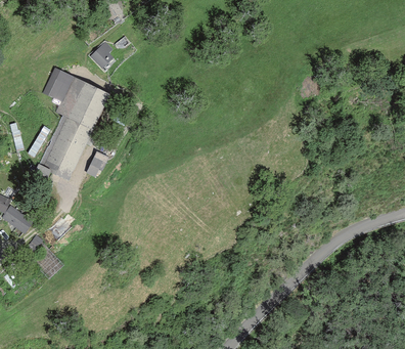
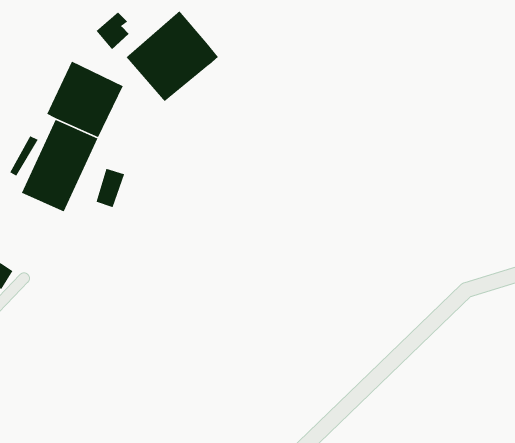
building: none -> [126,10,219,102]
building: [42,68,74,101] -> none

